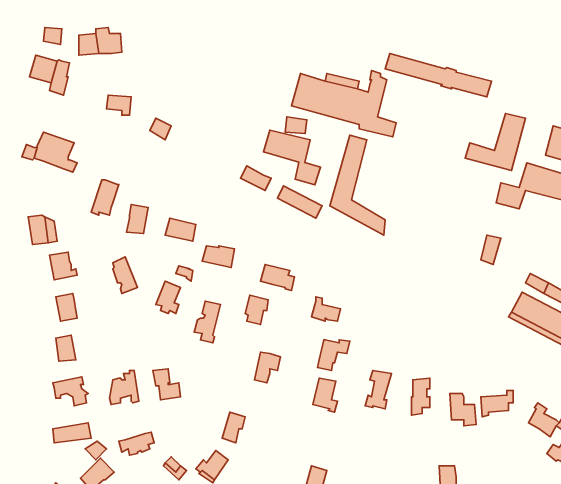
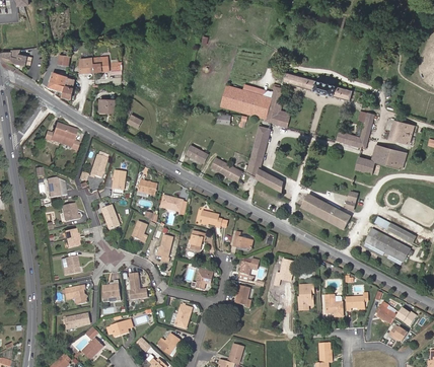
building: [263,130,321,185] -> none
building: none -> [301,194,350,229]

